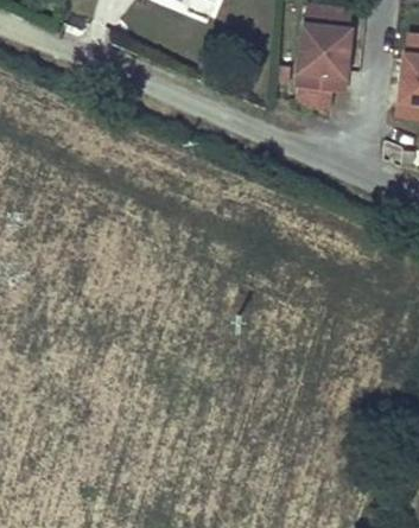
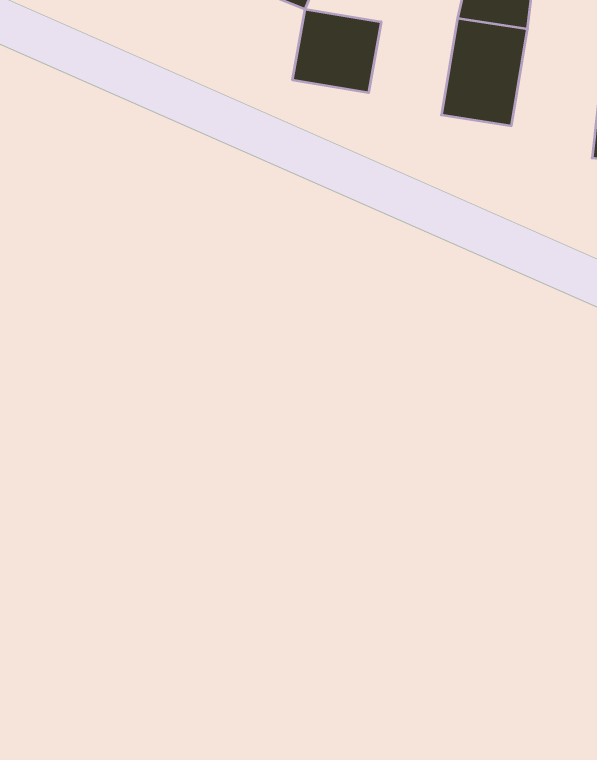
building: none -> [293,9,381,93]

